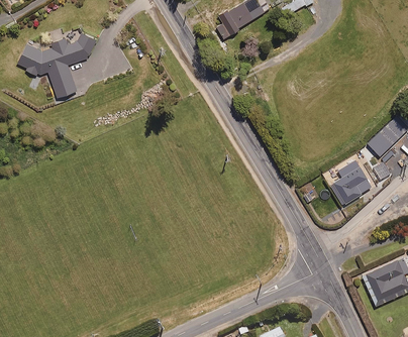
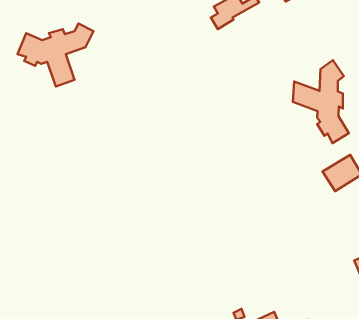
building: none -> [293,60,349,143]

